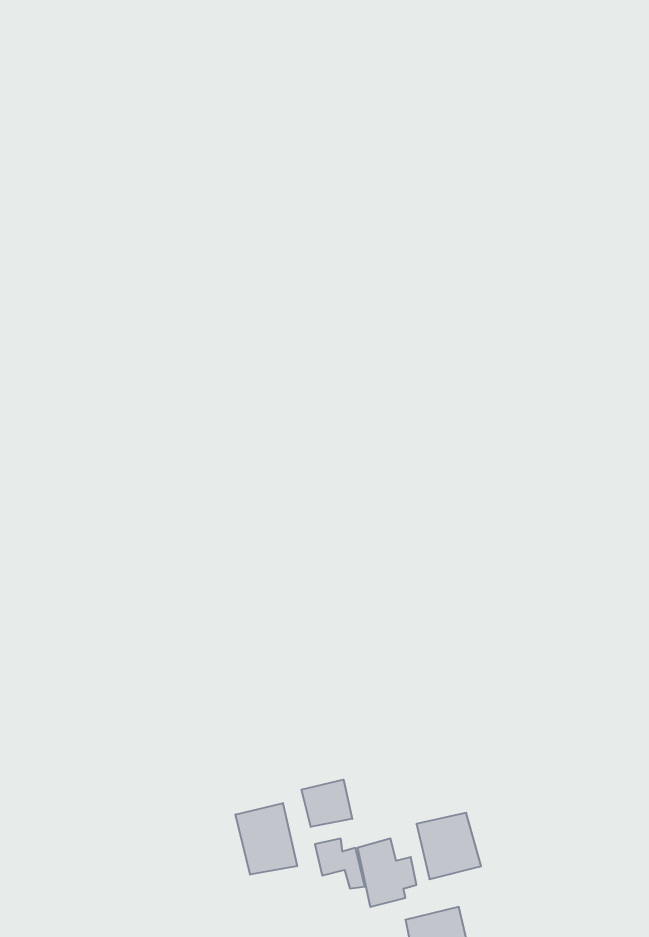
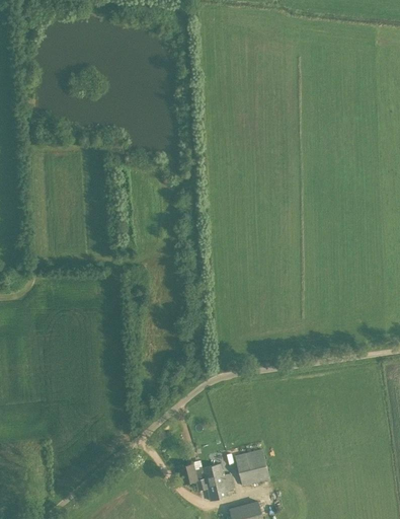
building: [301,780,352,827] -> none
building: [235,803,297,875] -> none

